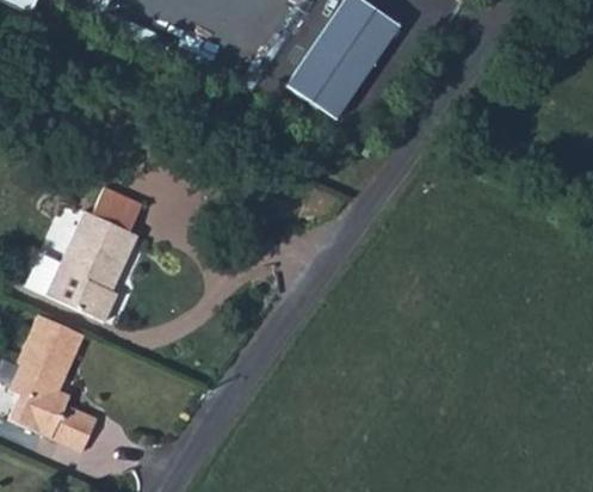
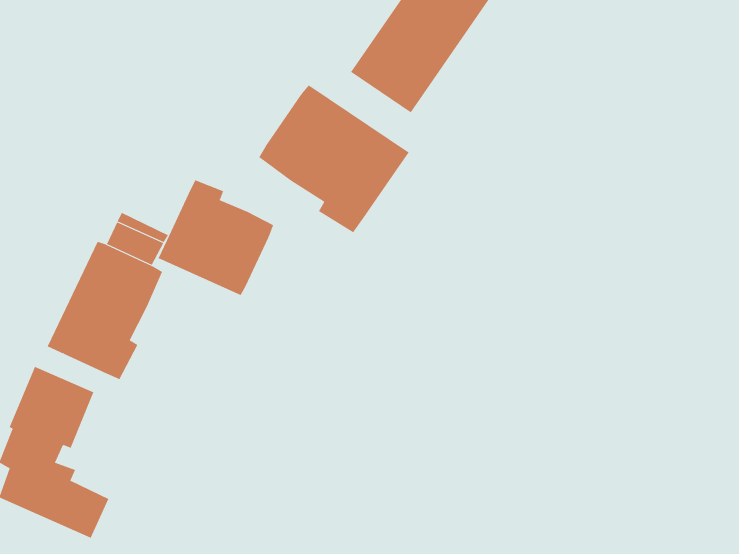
building: none -> [259,85,409,233]
building: none -> [158,179,274,296]

